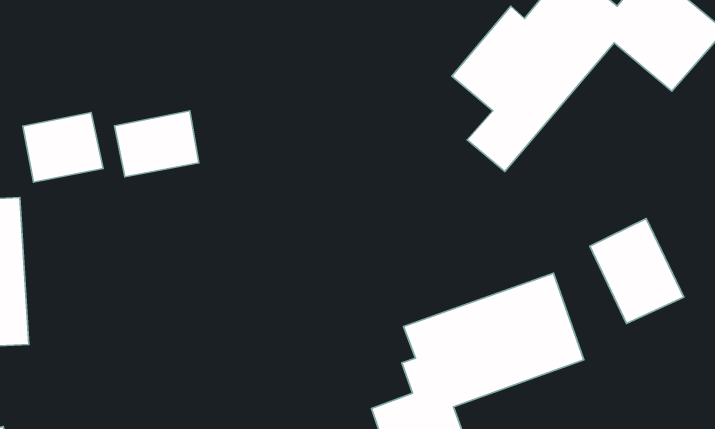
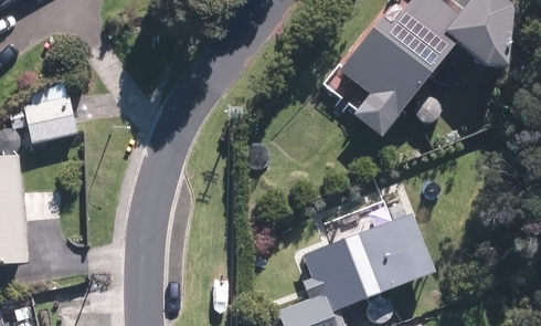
building: [115,111,199,177] -> none
building: [590,219,684,323] -> none

